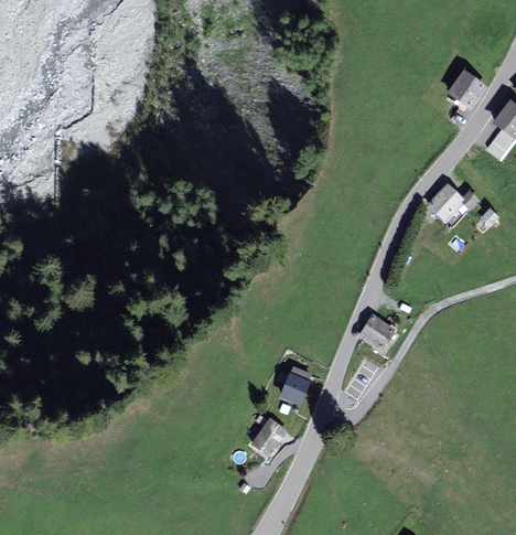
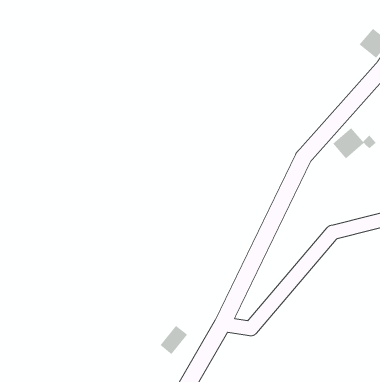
building: [362,315,393,347] -> none
building: [282,367,310,403] -> none

